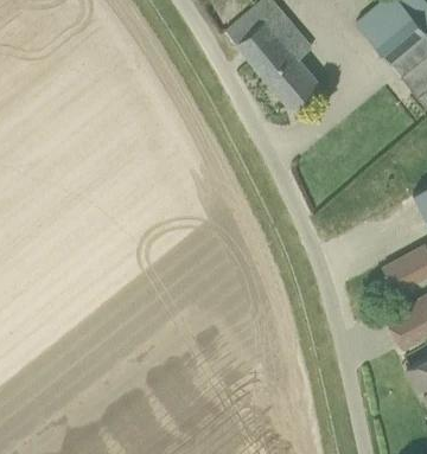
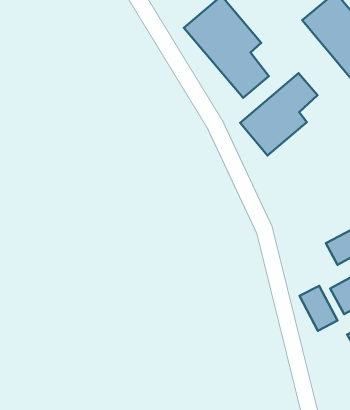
building: none -> [240,73,317,156]
building: none -> [299,286,338,331]

